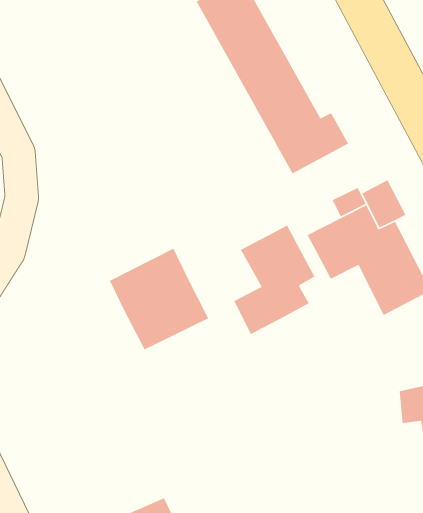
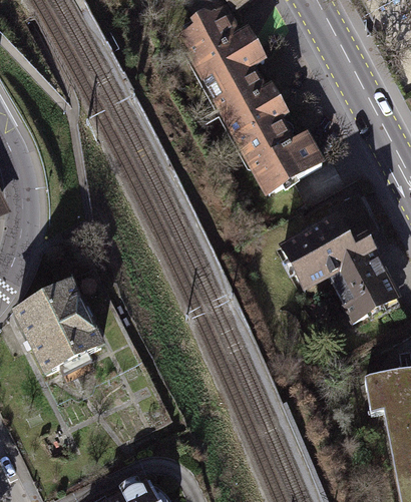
building: [233,224,316,335] -> none
building: [109,247,209,351] -> [15,285,106,379]

